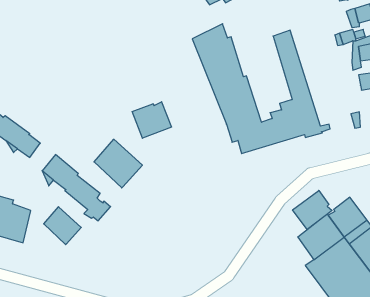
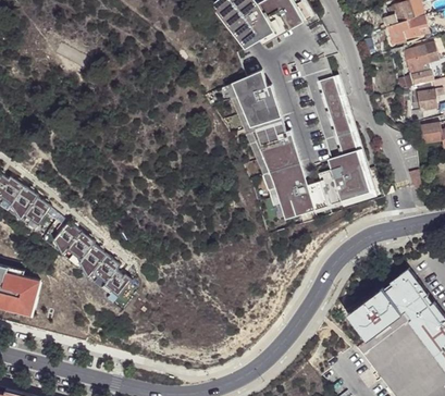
building: [132,102,172,138] -> none
building: [94,139,142,188] -> none
building: [293,190,332,229] -> none
building: [44,207,81,245] -> none

